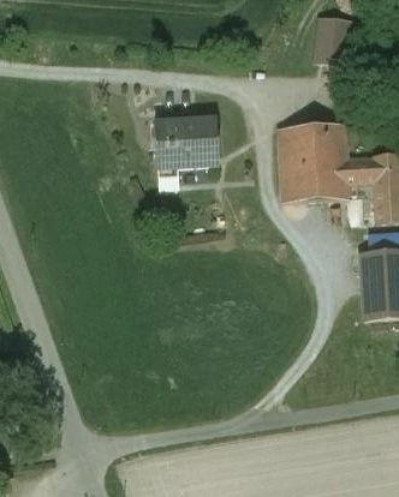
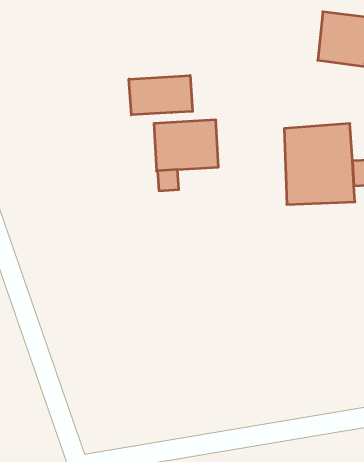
building: none -> [129,75,193,115]

